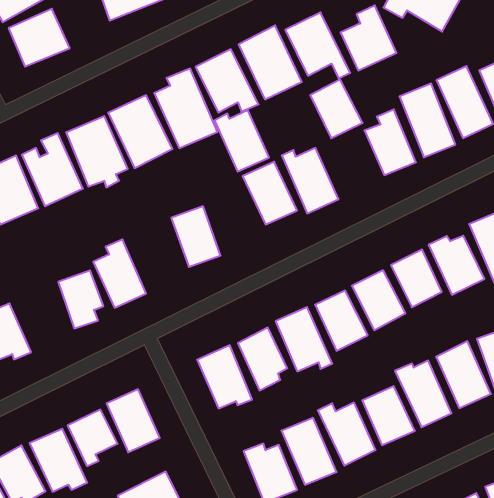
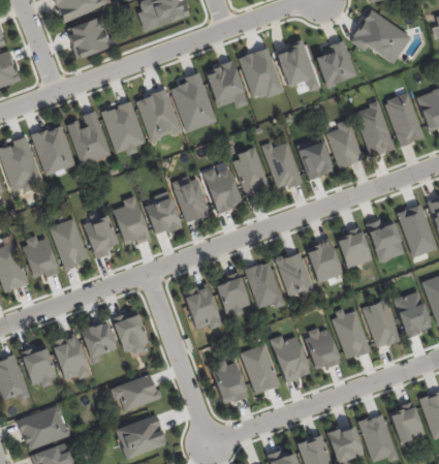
building: [310,80,363,138] -> [296,136,334,180]
building: [214,110,269,172] -> [203,167,242,213]
building: none -> [146,191,181,235]
building: none -> [51,218,88,268]

